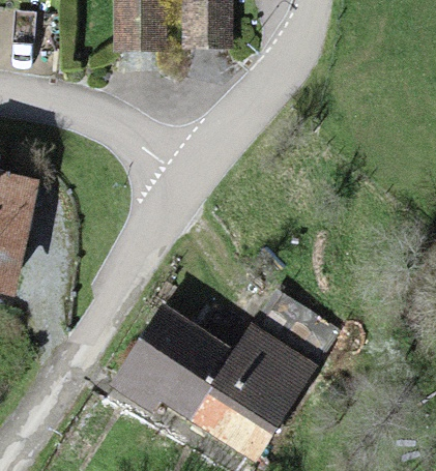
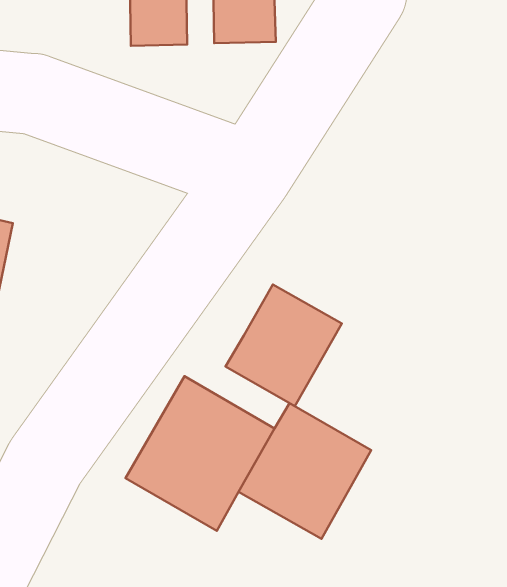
building: none -> [225,285,342,406]

